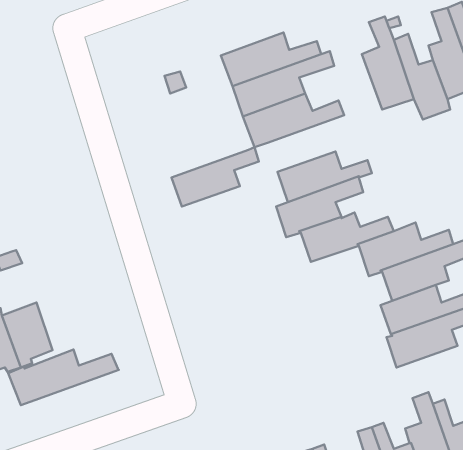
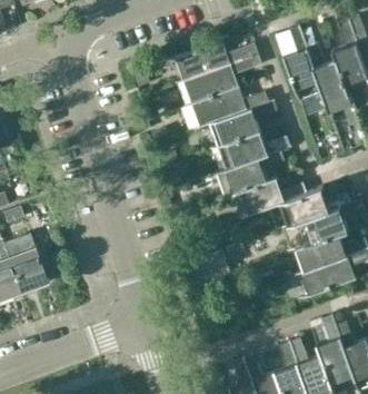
building: [172,147,259,207] -> [210,101,277,147]
building: [8,350,119,405] -> none

